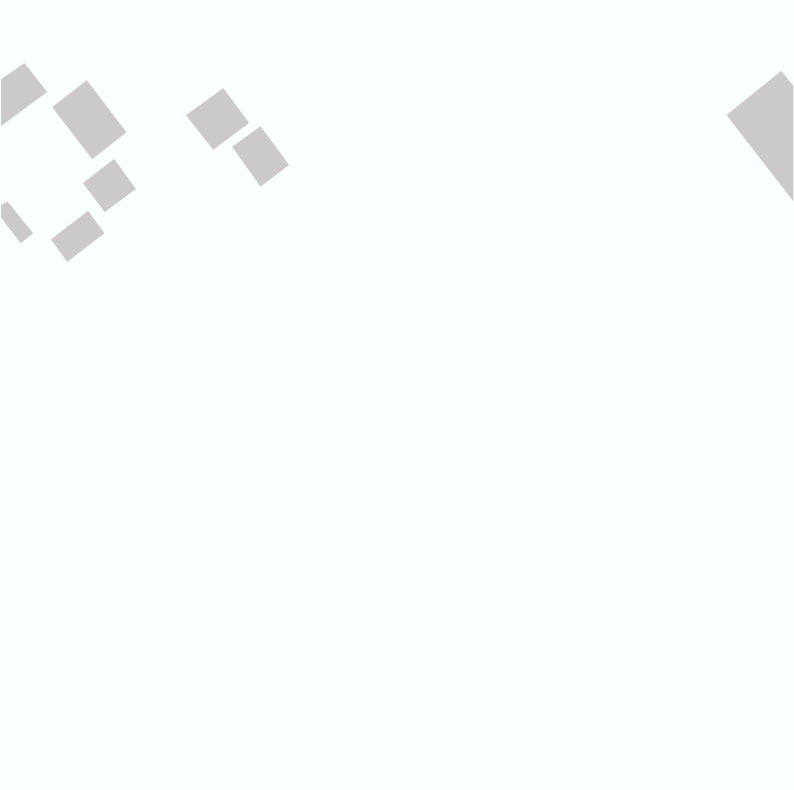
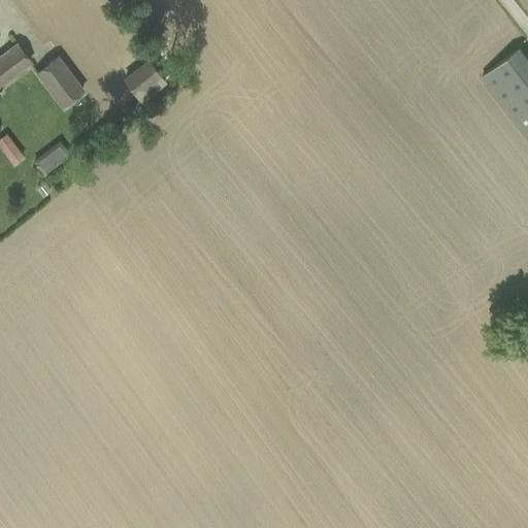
building: [231,125,290,188] -> none
building: [82,158,137,213] -> none

